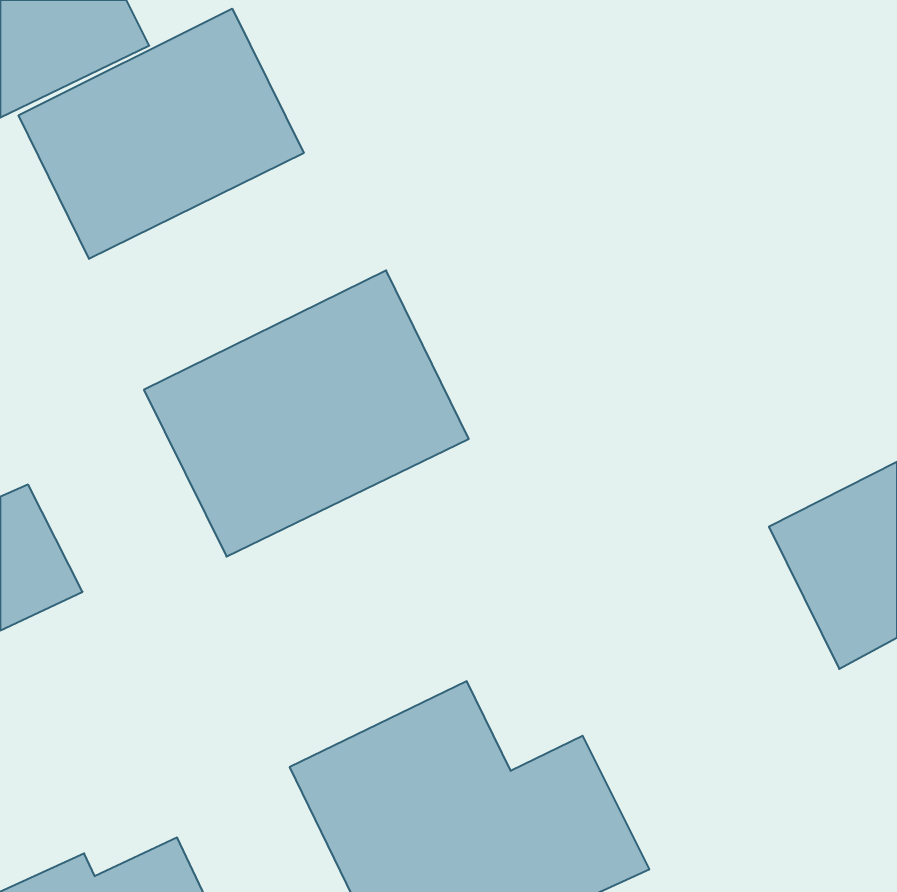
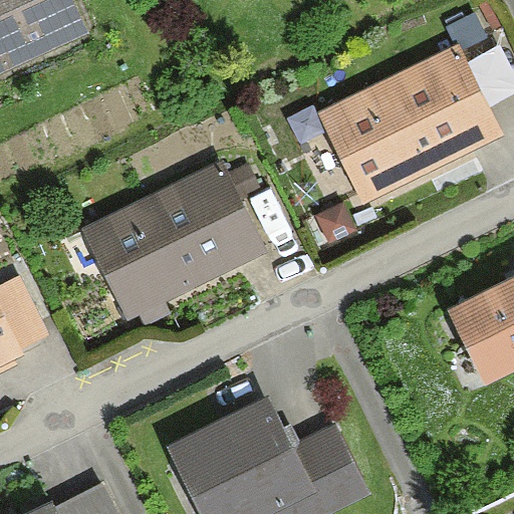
building: [19,9,304,259] -> none
building: none -> [317,47,501,206]

